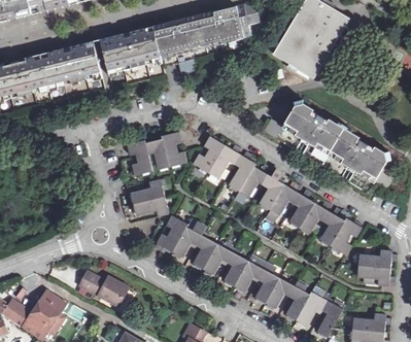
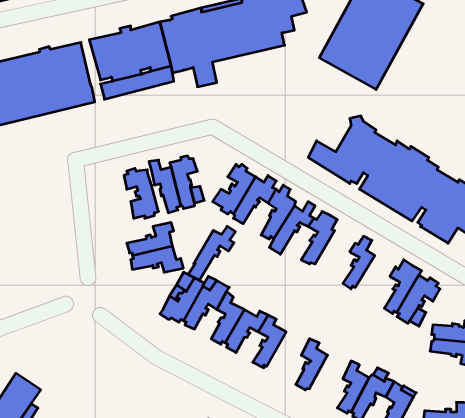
building: [265,181,300,221] -> [188,226,235,280]
building: [299,200,330,234] -> none
building: [233,260,265,292] -> none
building: [81,271,129,305] -> none
building: [265,277,296,309] -> none

